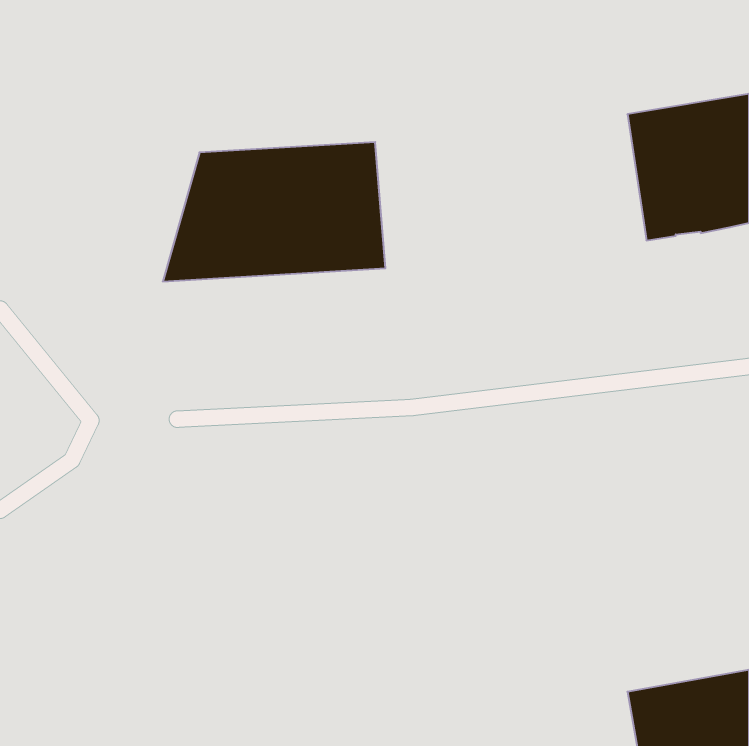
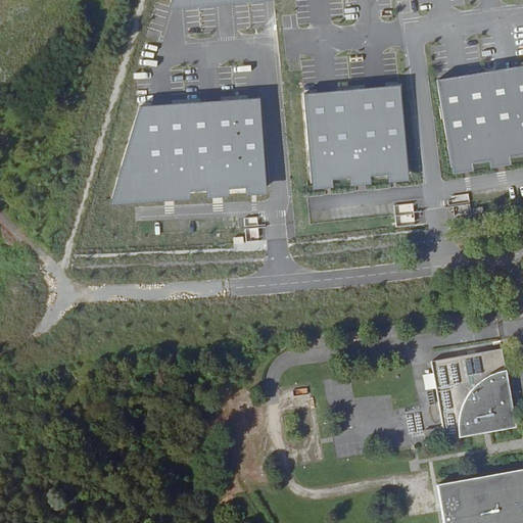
building: none -> [303,87,410,185]
building: none -> [430,347,515,439]

